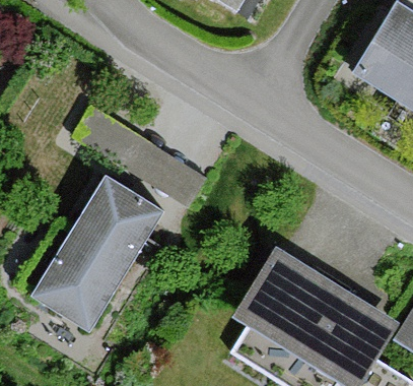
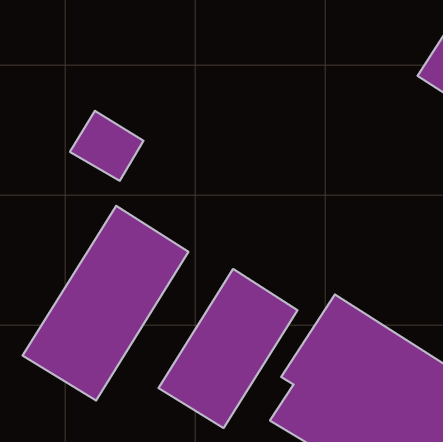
building: none -> [158,269,298,428]

